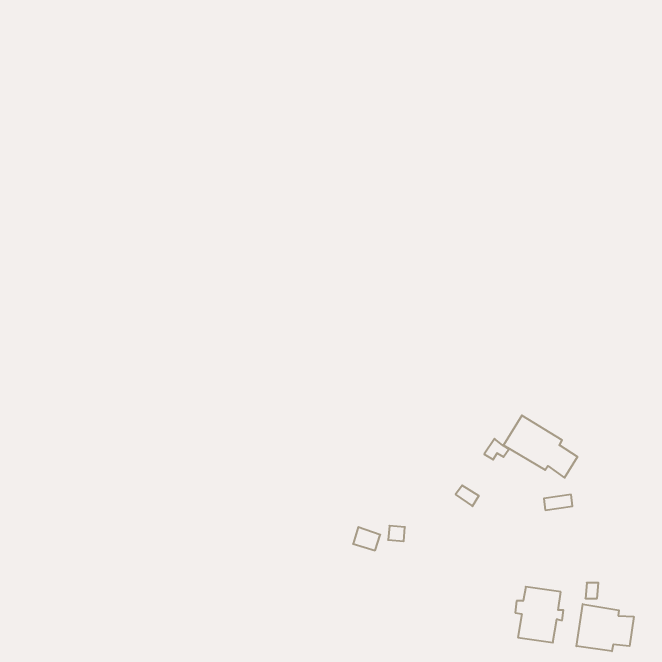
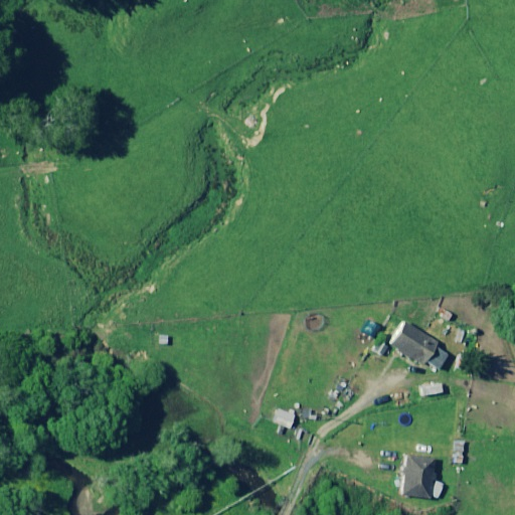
building: [576,604,634,651] -> none

